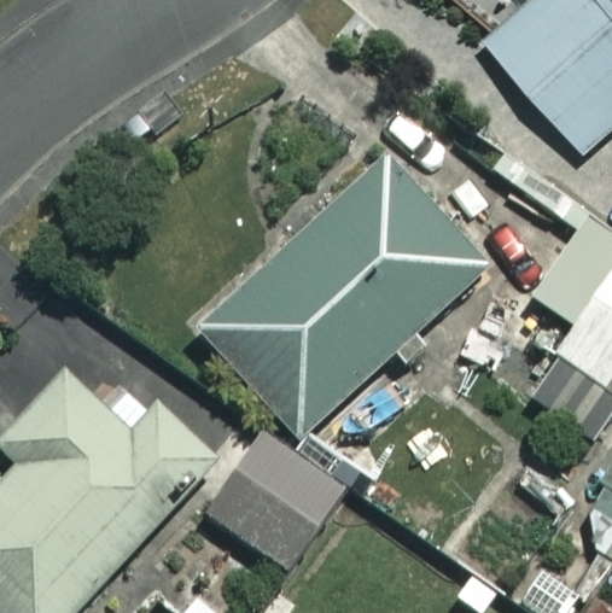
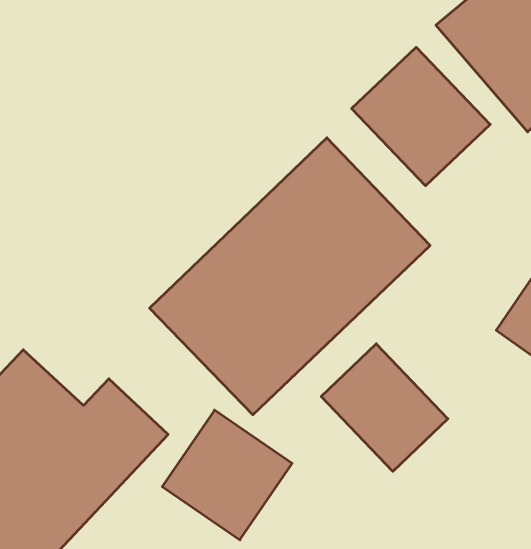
building: none -> [352,47,490,186]
building: none -> [321,344,448,471]

